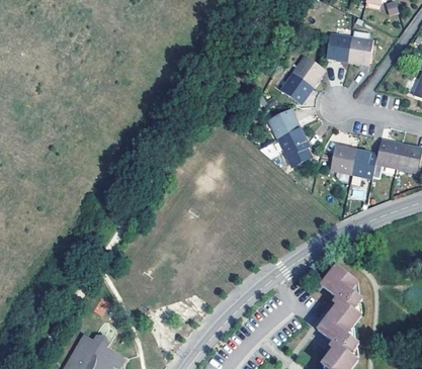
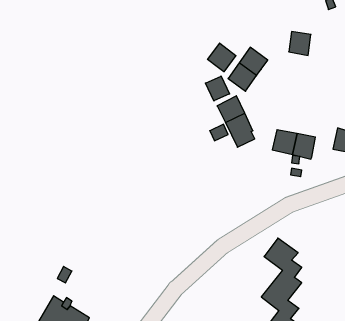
building: [326,33,350,60] -> none
building: none -> [208,43,236,72]
building: none -> [205,76,230,101]
building: [372,140,401,178] -> none

